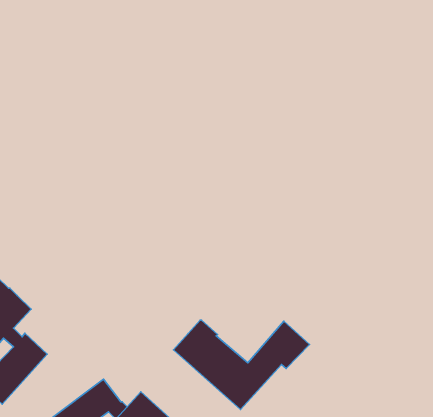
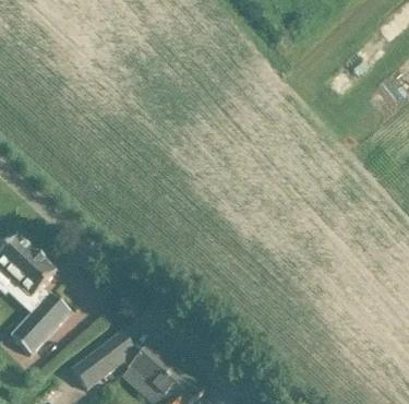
building: [174,320,309,409] -> none

